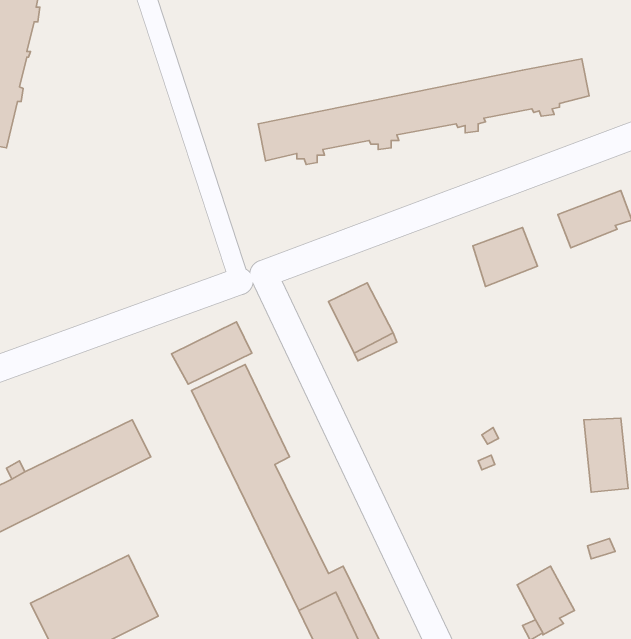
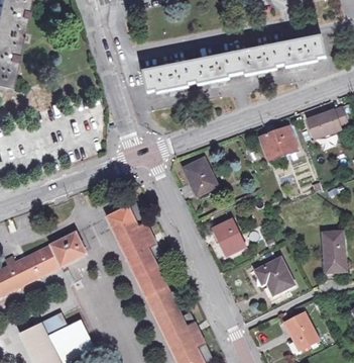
building: [171,322,252,384] -> none
building: none -> [213,220,244,256]
building: none -> [256,258,292,301]

